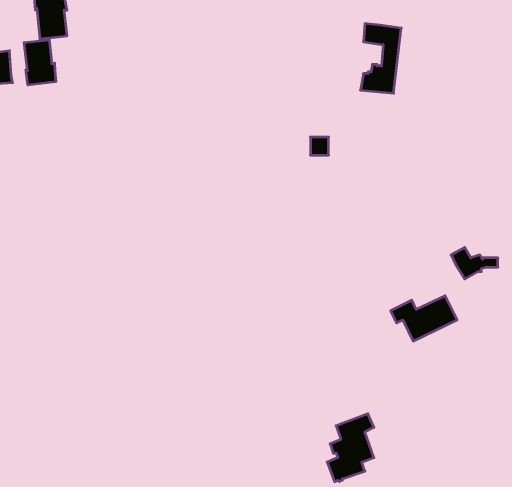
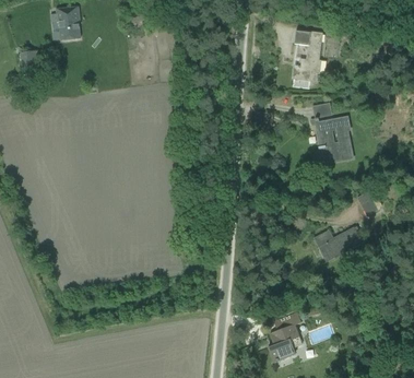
building: [24,40,56,85] -> none
building: none -> [315,117,353,162]

